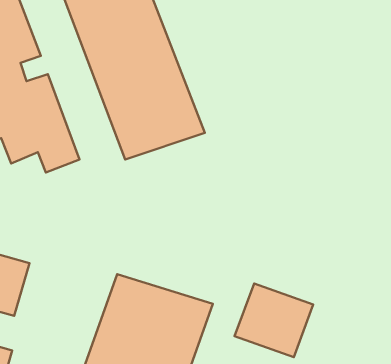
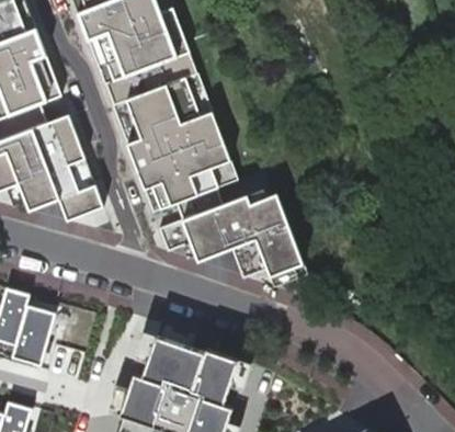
building: none -> [157,185,306,285]
building: [235,284,313,357] -> none

